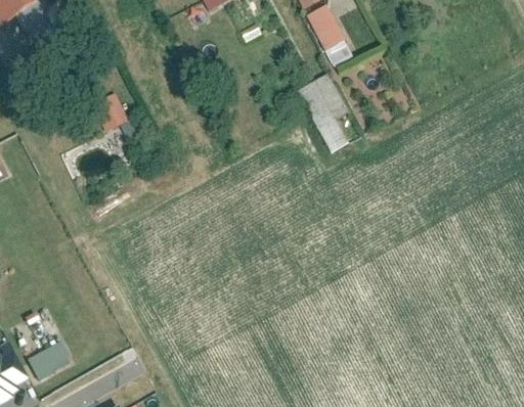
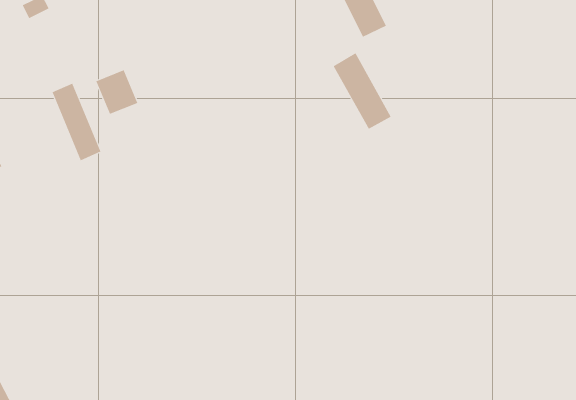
building: none -> [52,83,101,161]
building: [26,341,71,379] -> none

